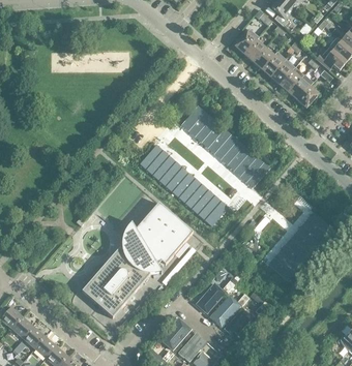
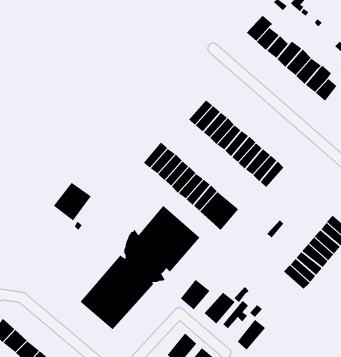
building: none -> [53,182,92,222]
building: none -> [180,279,210,311]

